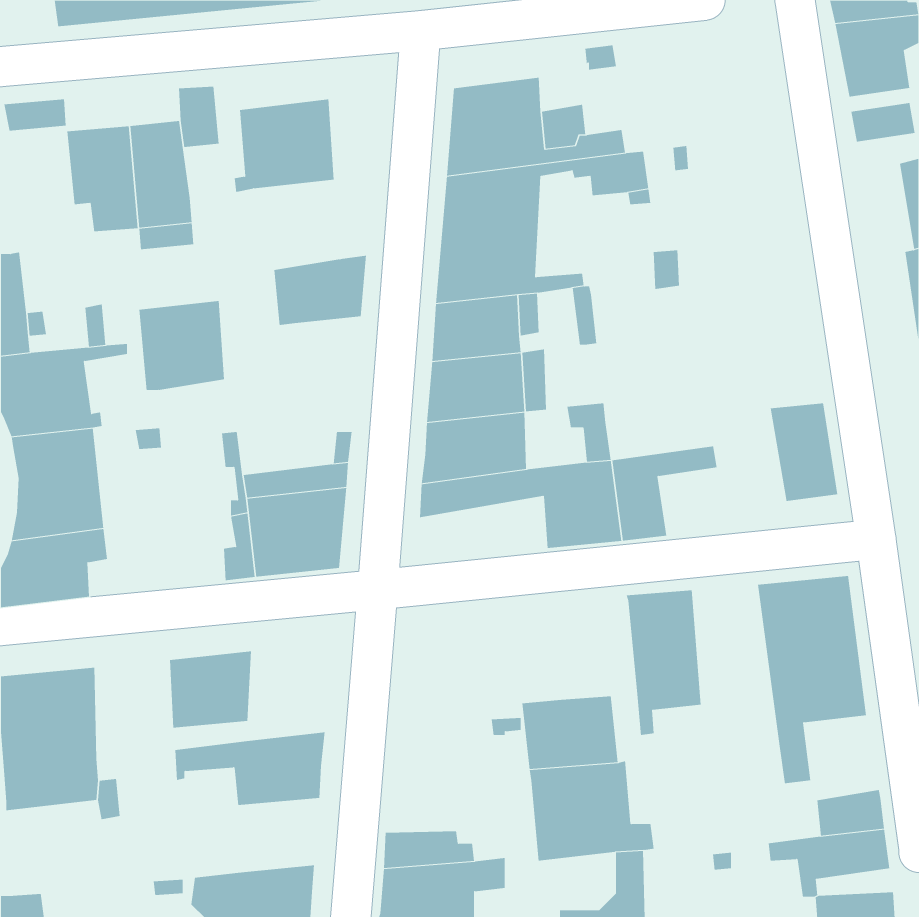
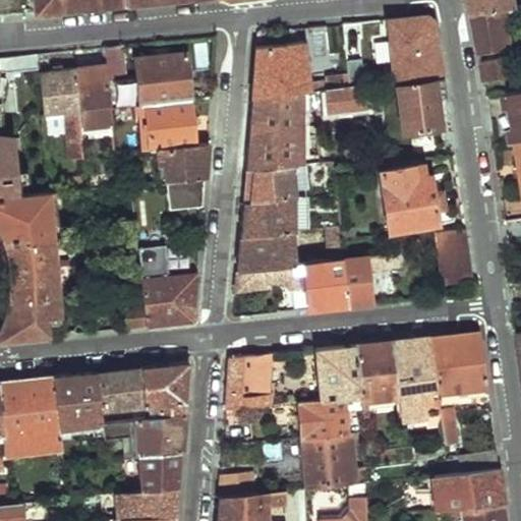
building: none -> [386,16,442,82]
building: none -> [396,81,446,133]
building: none -> [382,168,439,230]
building: [139,300,225,390] -> [143,103,192,154]
building: none -> [167,180,205,211]
building: none -> [392,332,441,425]
building: none -> [313,341,360,397]
building: none -> [227,355,277,412]
building: none -> [139,365,187,420]
building: none -> [54,374,99,430]
building: none -> [134,453,181,495]

